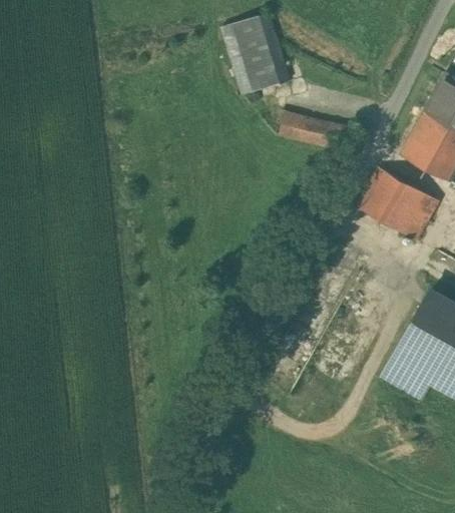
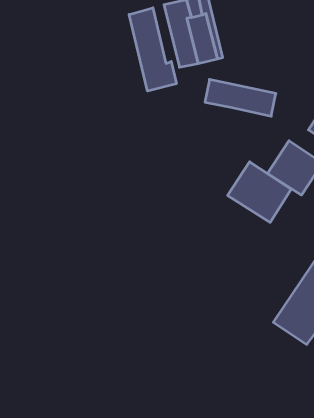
building: none -> [129,8,176,91]
building: none -> [228,162,291,222]

